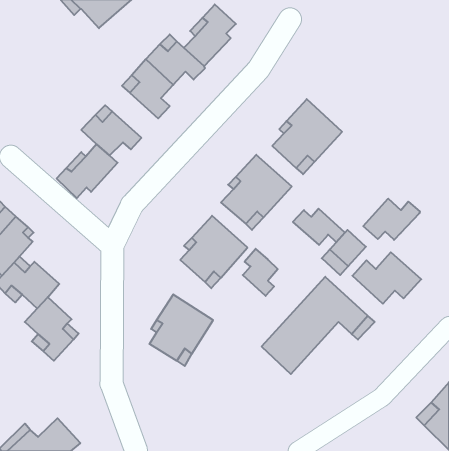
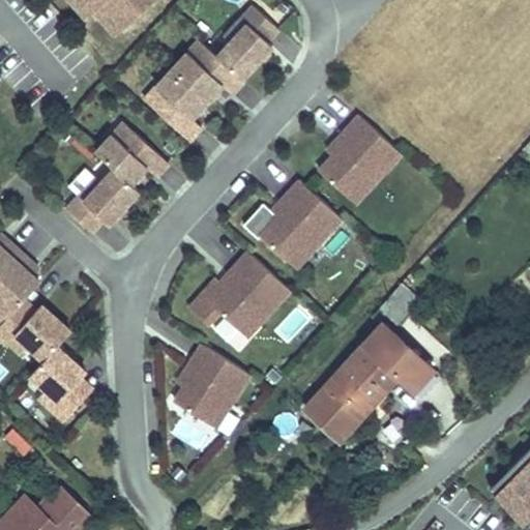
building: [363,199,420,240] -> none
building: [293,209,345,245] -> none
building: [243,249,278,296] -> none
building: [352,252,421,304] -> none

